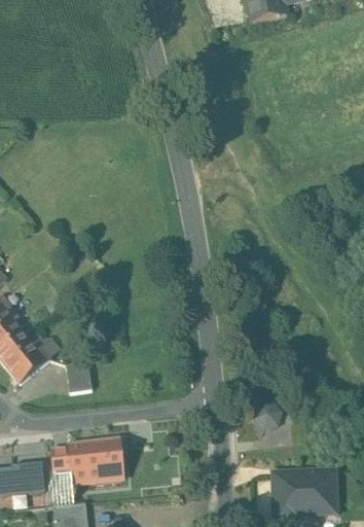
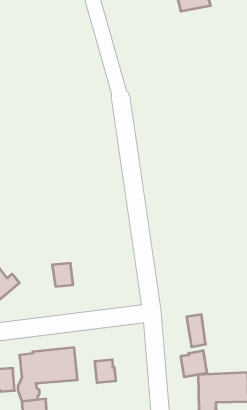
building: [65,360,90,389] -> [52,263,73,286]
building: none -> [181,350,207,377]
building: none -> [95,360,116,383]

